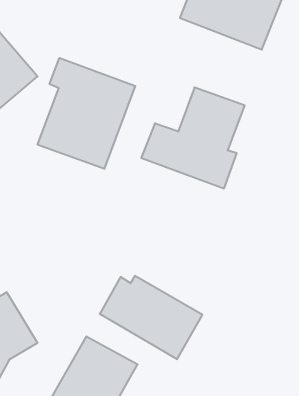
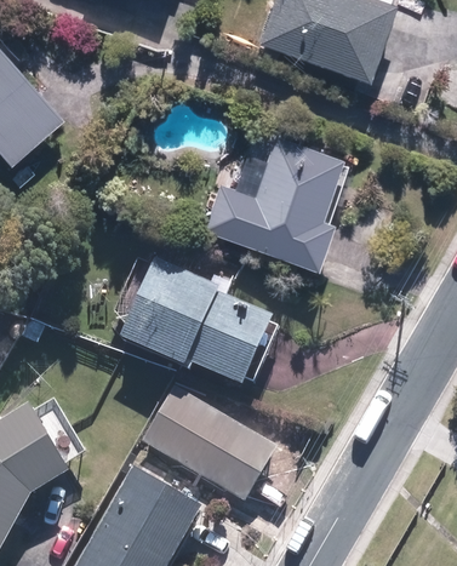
building: [38,58,135,169] -> none
building: none -> [125,252,276,382]

